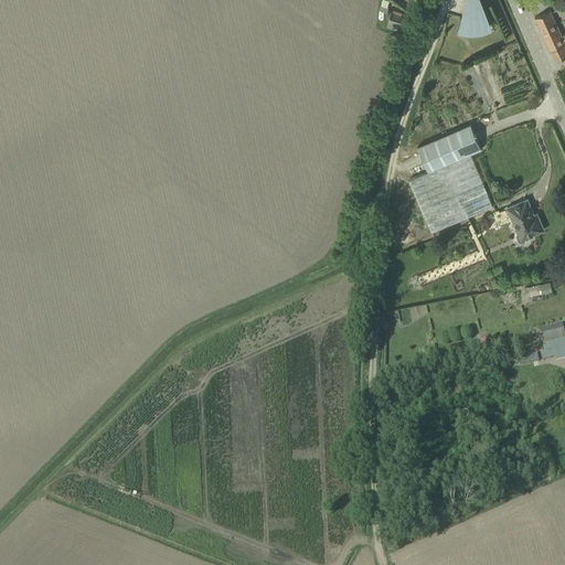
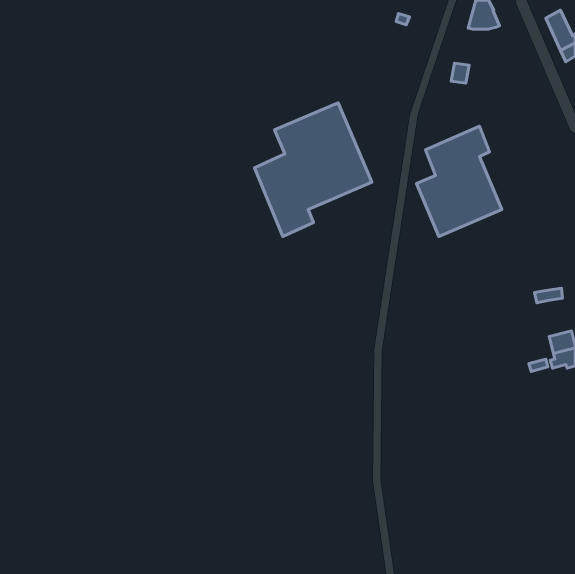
building: none -> [255,103,372,236]
building: [507,200,544,244] -> none

